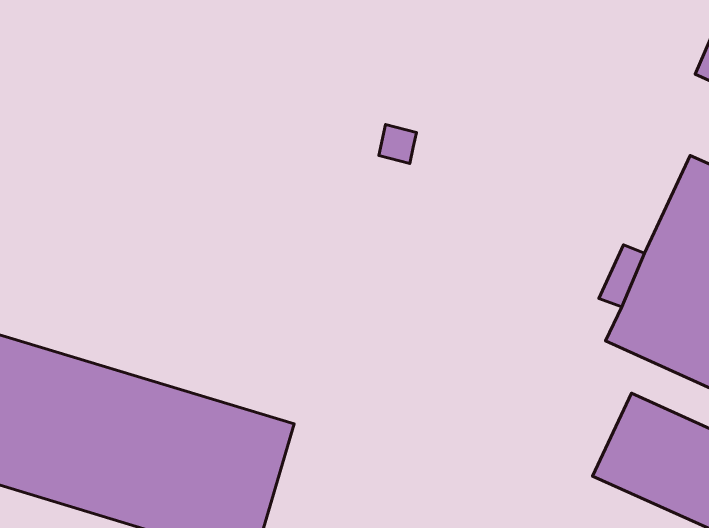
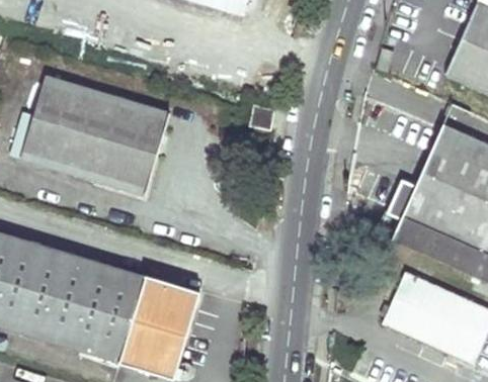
building: none -> [21,75,168,194]

